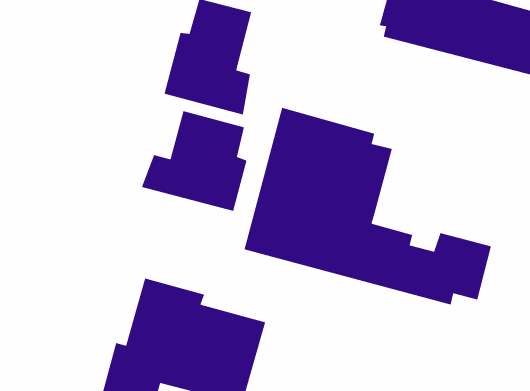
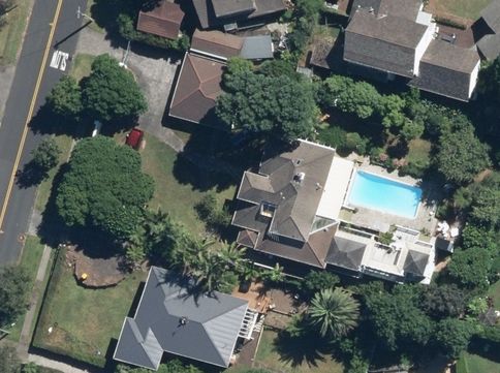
building: [141,110,248,212] -> none

